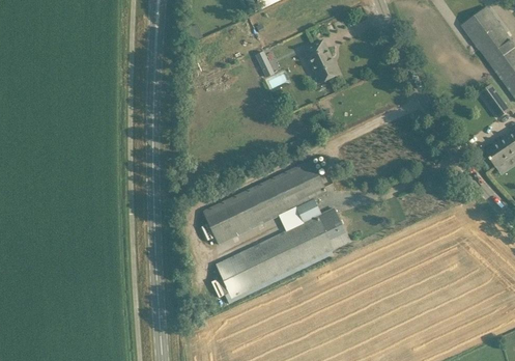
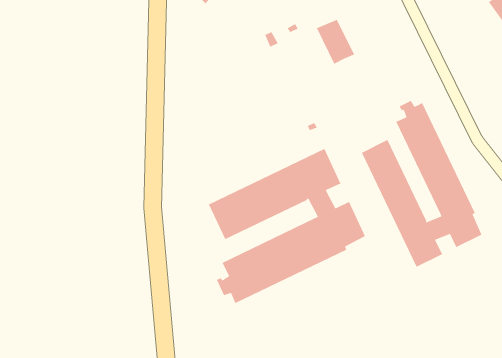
building: none -> [361,100,483,268]

